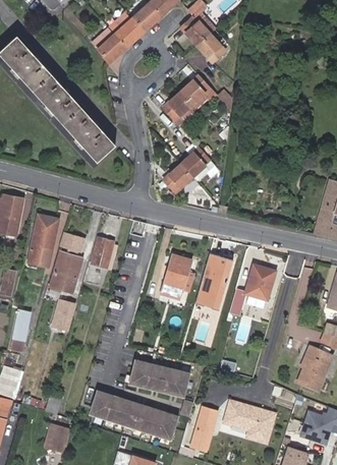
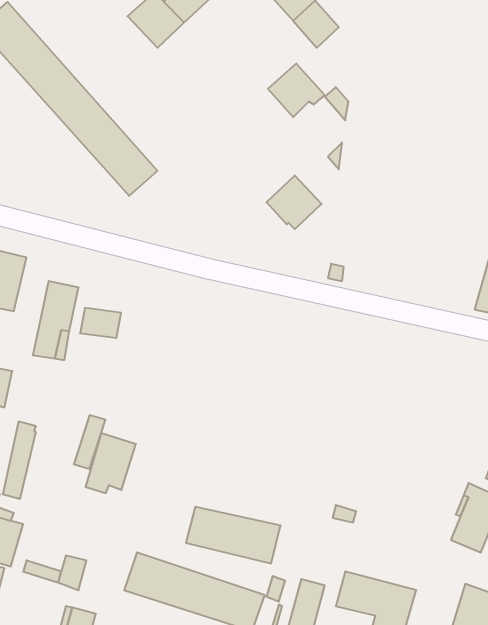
building: [163,90,196,124] -> none
building: [162,163,192,192] -> none
building: [90,236,114,267] -> none
building: [50,250,82,289] -> [85,433,136,493]
building: [161,253,193,297] -> none
building: [195,256,222,314] -> none
building: [231,265,274,313] -> none

